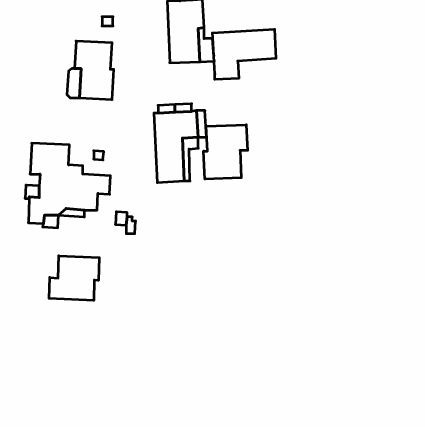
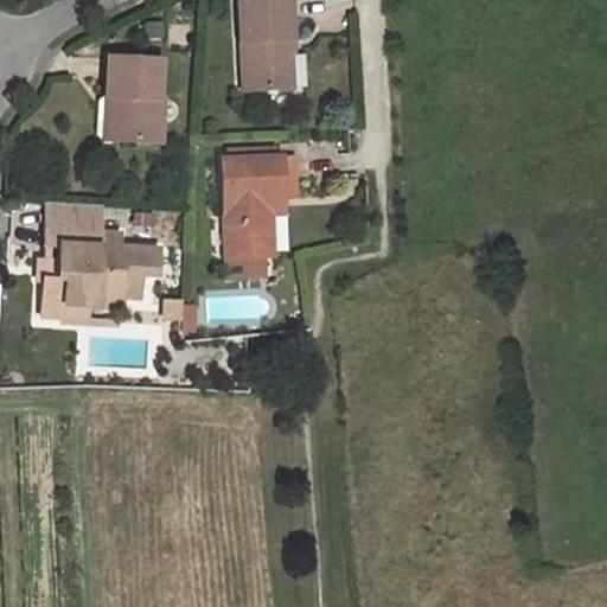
building: [212,29,276,79] -> none
building: [204,125,248,179] -> none
building: [49,256,99,300] -> none

